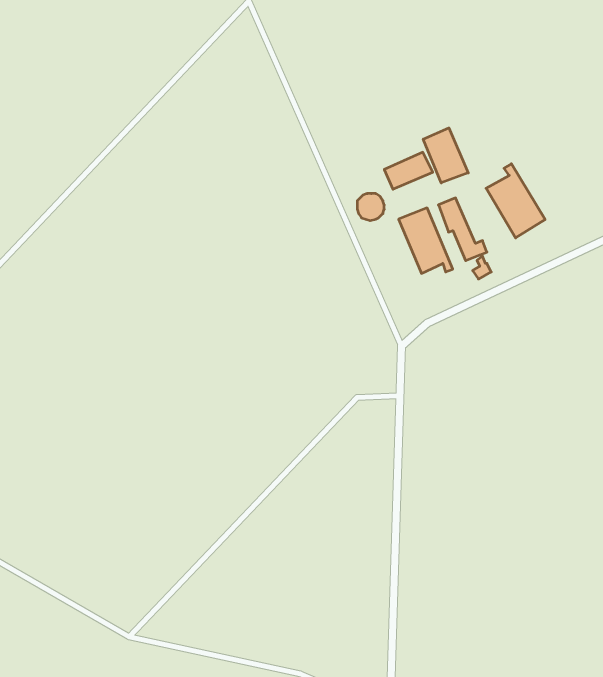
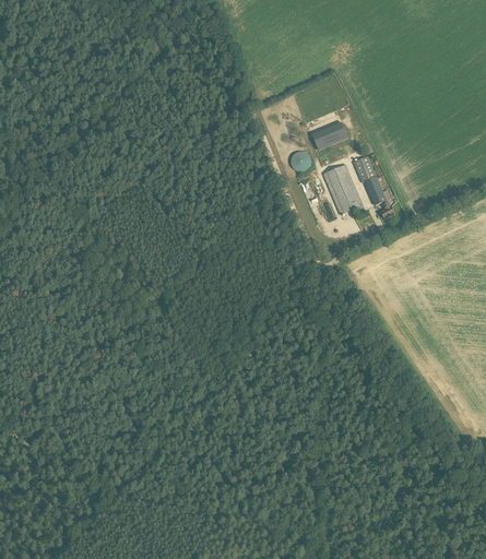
building: [423,128,468,183] -> none
building: [486,164,545,238] -> none

